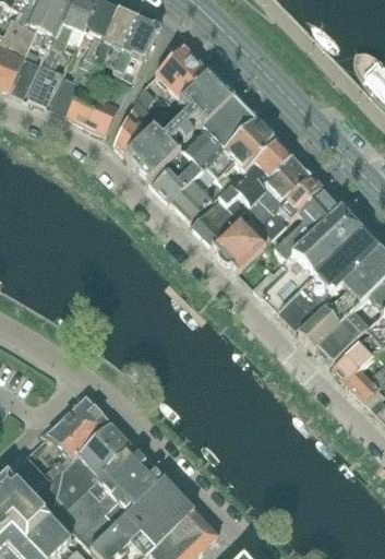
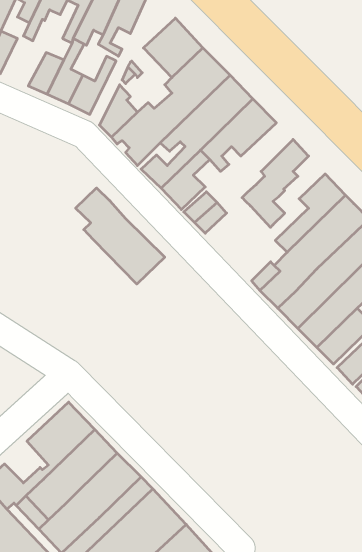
building: [28,61,63,106] -> none
building: [219,141,292,209] -> none
building: [279,171,322,219] -> none
building: none -> [76,188,165,284]
building: [215,213,272,270] -> none

